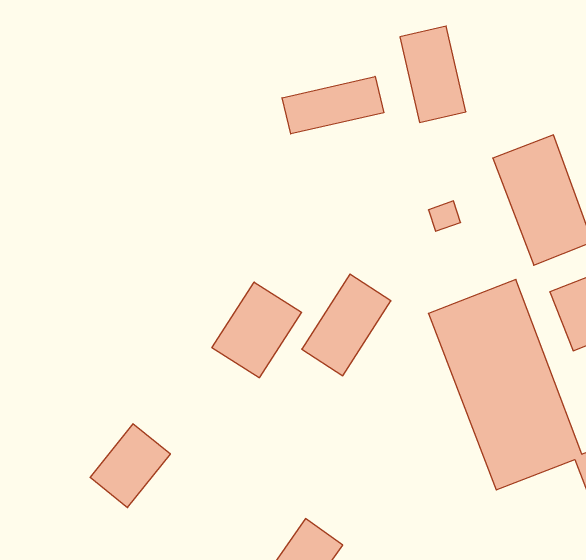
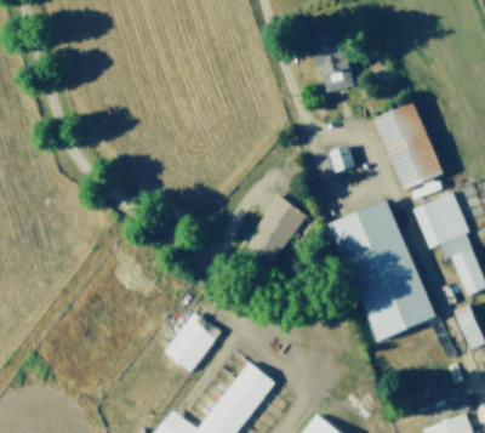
building: [282,76,384,134] -> none
building: [212,282,302,378] -> none
building: [90,424,170,508] -> [165,314,219,371]

